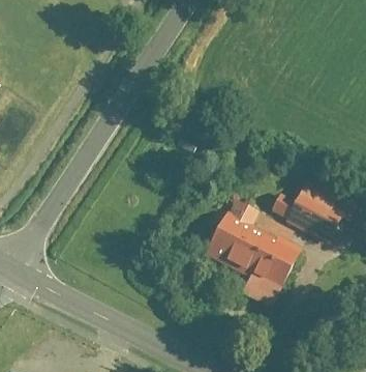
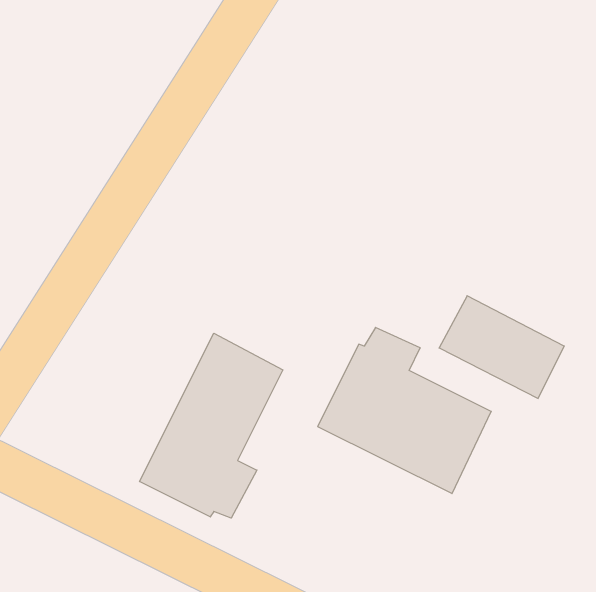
building: none -> [140,333,283,518]

